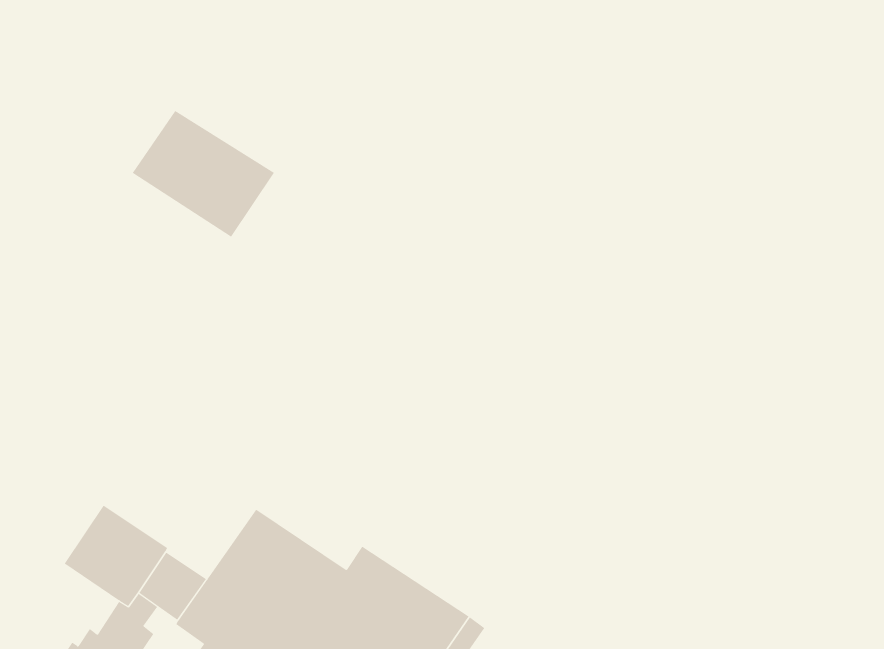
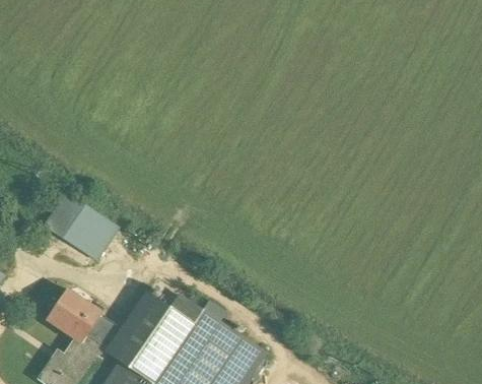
building: [132,110,275,238] -> [45,194,119,260]

